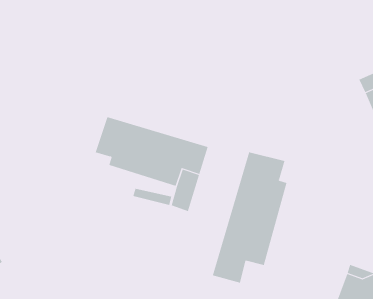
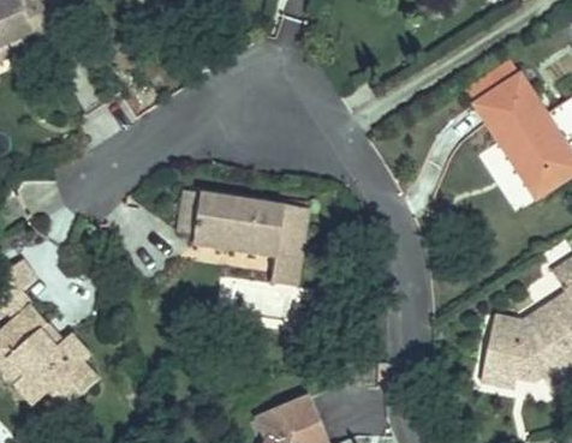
building: [212,152,287,283] -> none

